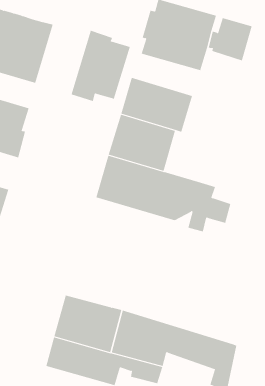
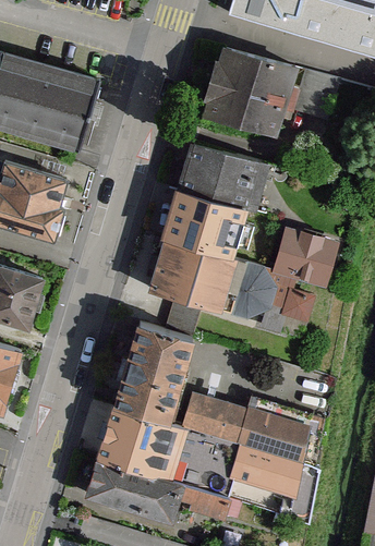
building: [71,30,131,102] -> none
building: none -> [273,228,337,286]
building: none -> [110,305,198,424]
building: none -> [180,393,325,469]

